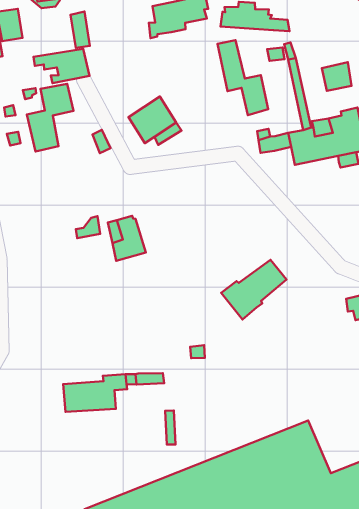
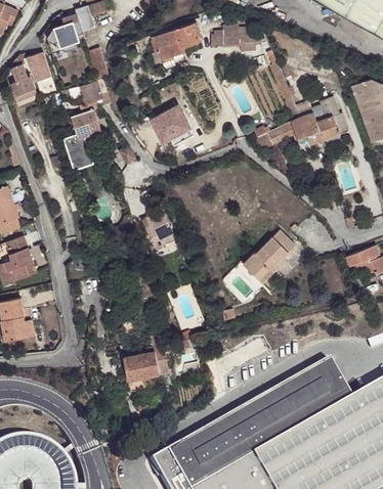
building: [217,40,268,115] -> none
building: [322,62,352,91] -> none

